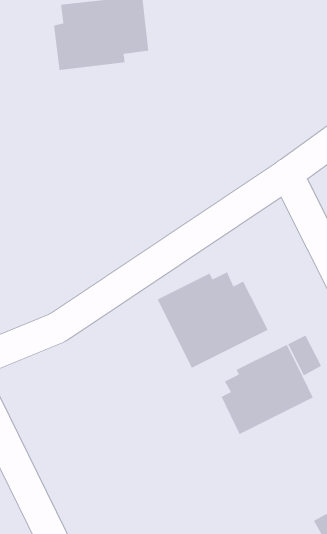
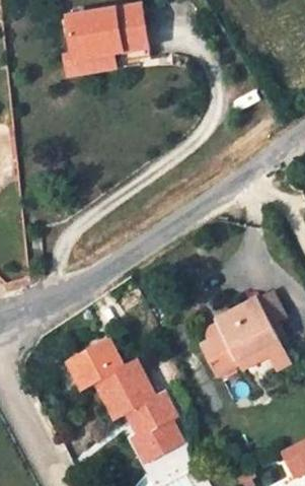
building: [157,271,269,369] -> none
building: none -> [66,344,182,456]

